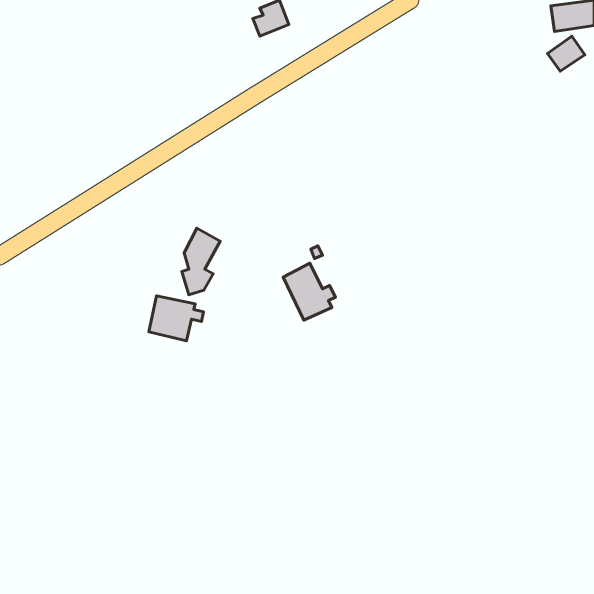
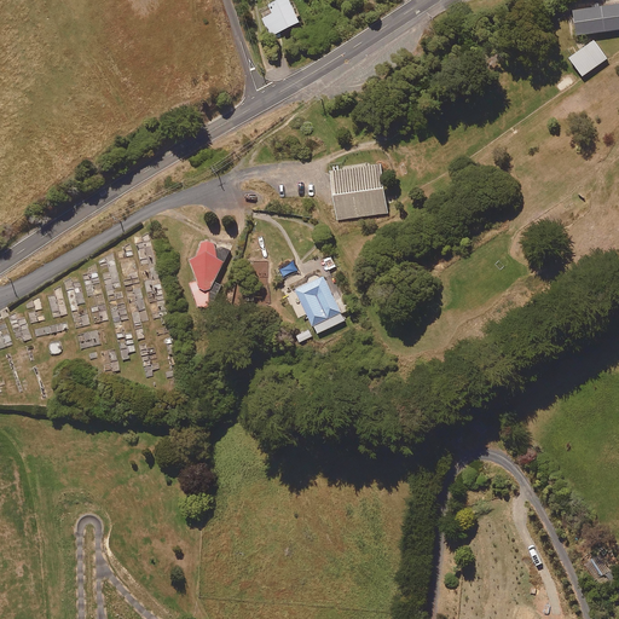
building: none -> [324,164,387,220]
building: [149,296,204,341] -> none

